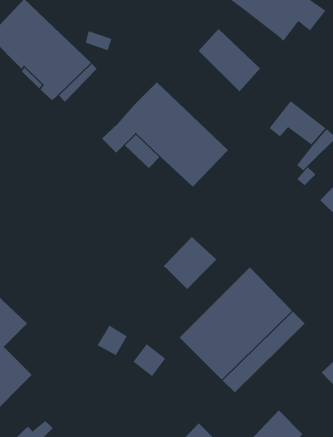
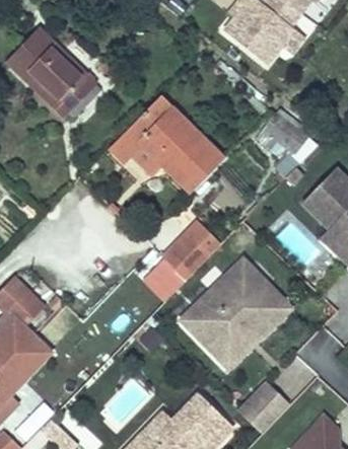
building: [198,28,261,92] -> none
building: none -> [140,261,186,308]

